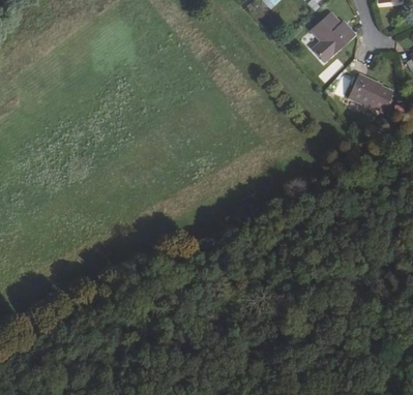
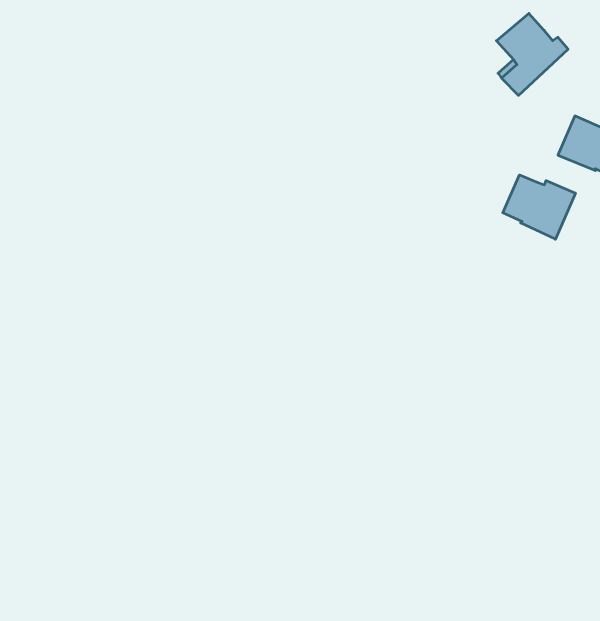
building: none -> [503,175,575,239]

